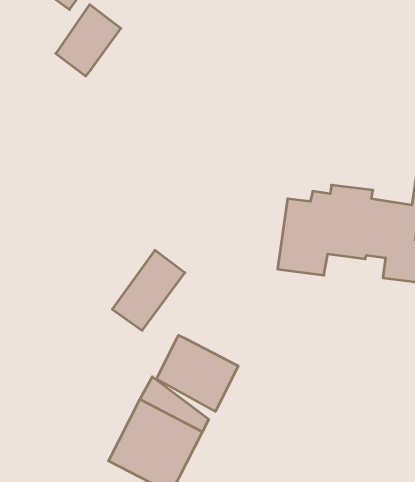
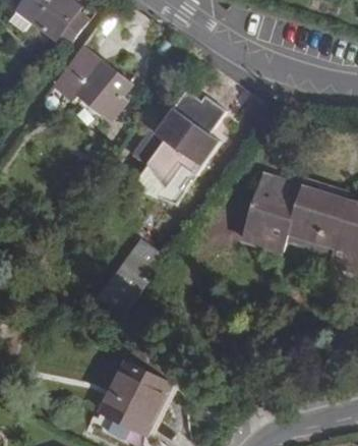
building: none -> [85,61,144,120]
building: none -> [130,93,224,206]
building: [157,335,238,411] -> none

